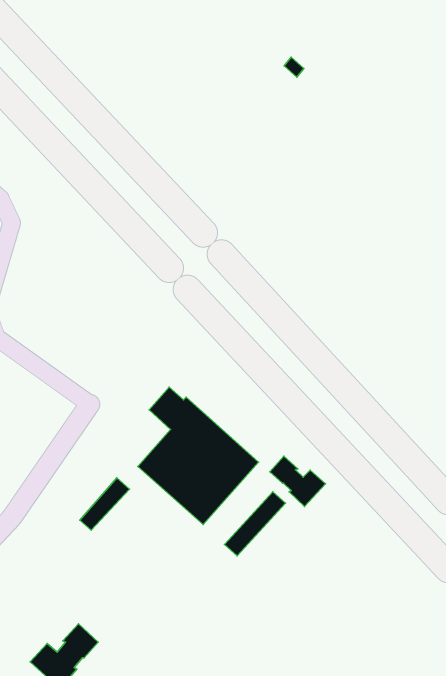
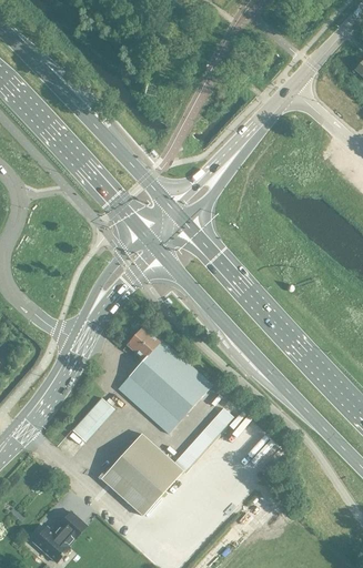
building: [270,456,325,507] -> none
building: none -> [101,433,183,516]

